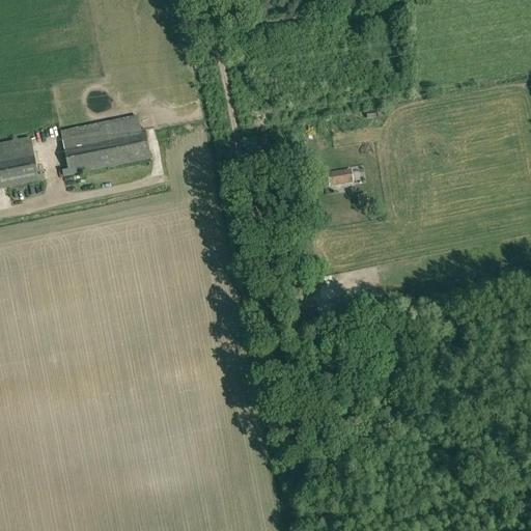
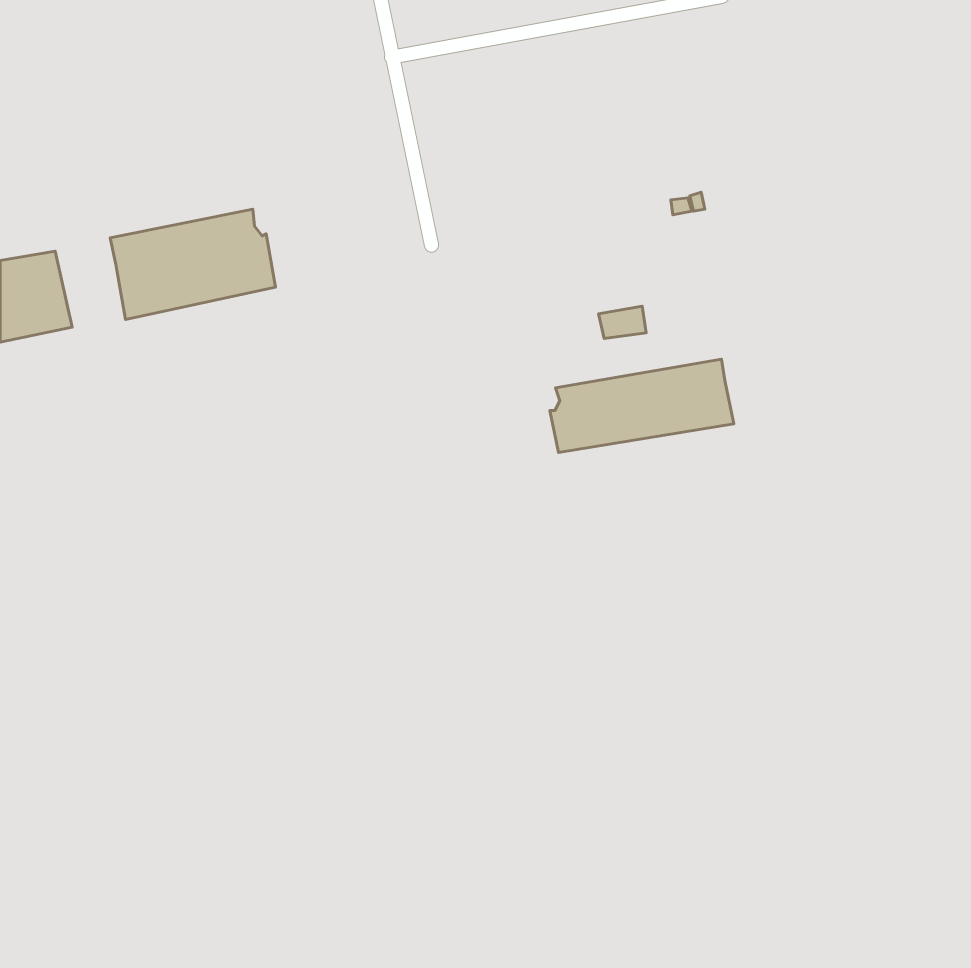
building: none -> [550,359,734,453]

